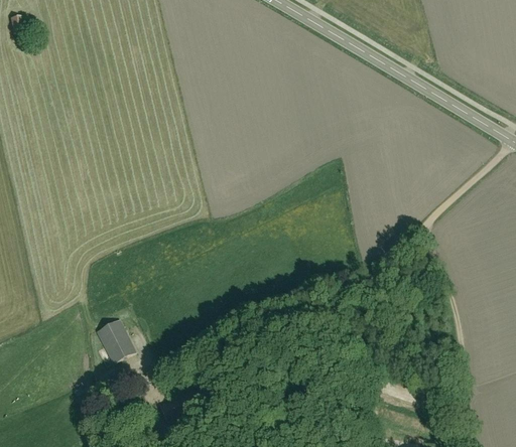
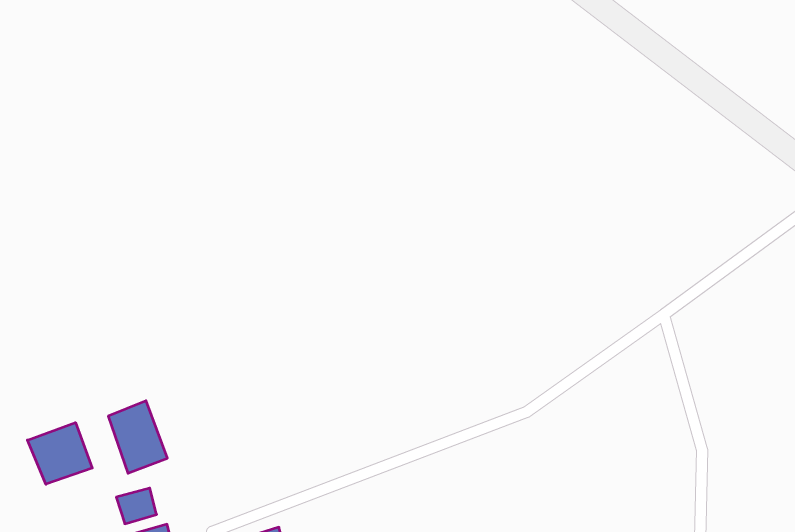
building: none -> [27,423,92,484]

